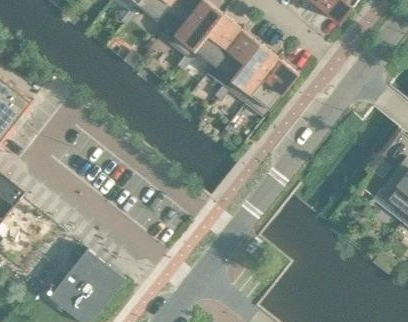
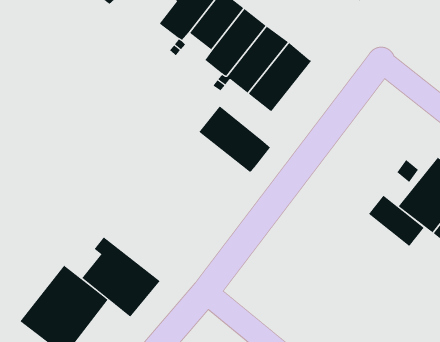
building: none -> [199,105,271,173]
building: none -> [368,195,424,247]
building: none -> [82,237,161,318]

